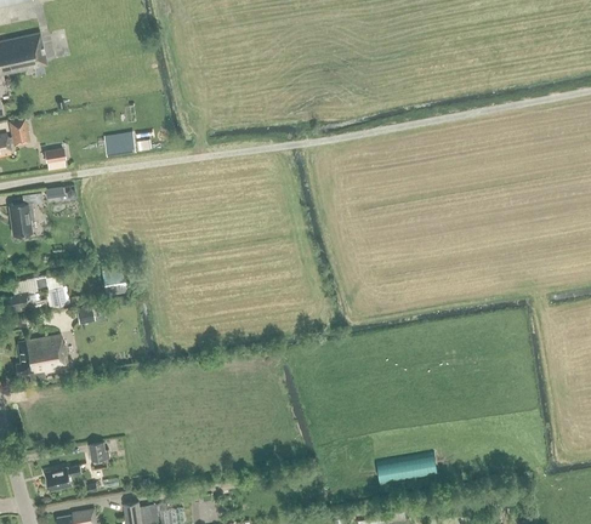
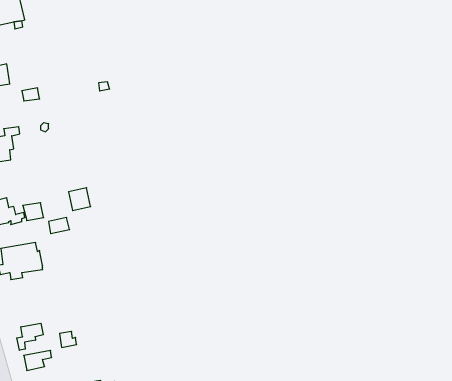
building: [103,131,135,155] -> none
building: none -> [17,323,43,350]
building: [376,454,438,482] -> none

